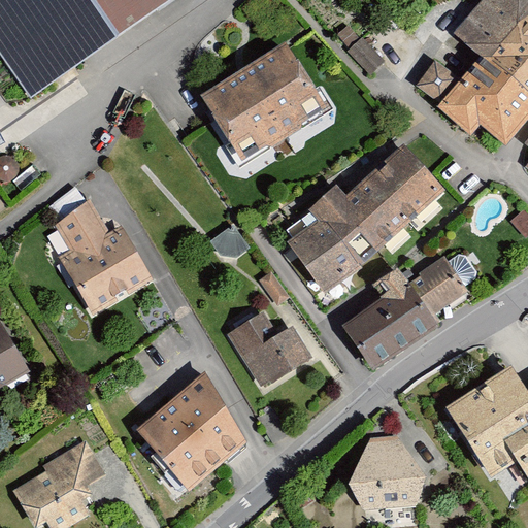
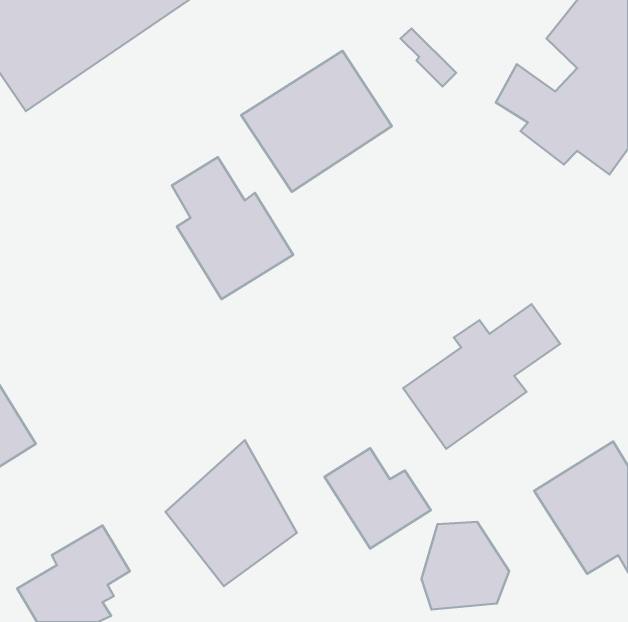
building: [286,145,449,294] -> none
building: [50,198,151,317] -> [172,157,293,299]
building: [225,305,314,389] -> [324,448,431,548]

